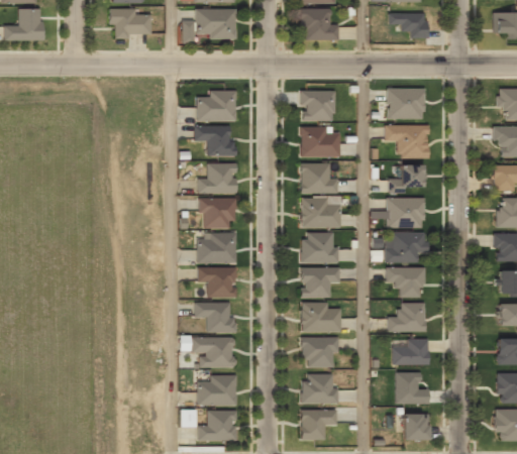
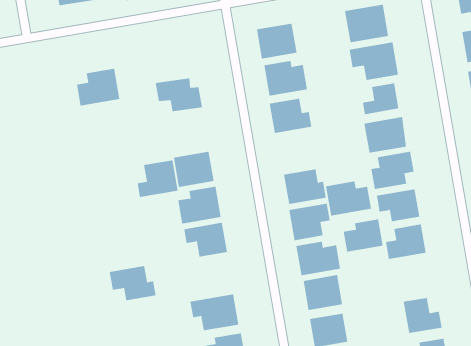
building: [197,90,236,120] -> [76,68,120,106]
building: [198,163,236,194] -> [137,160,178,197]
building: [301,198,341,227] -> [325,181,372,216]
building: [195,303,236,333] -> [109,265,156,301]
building: [392,339,428,365] -> [343,219,384,252]

